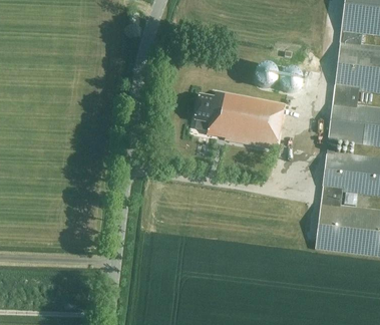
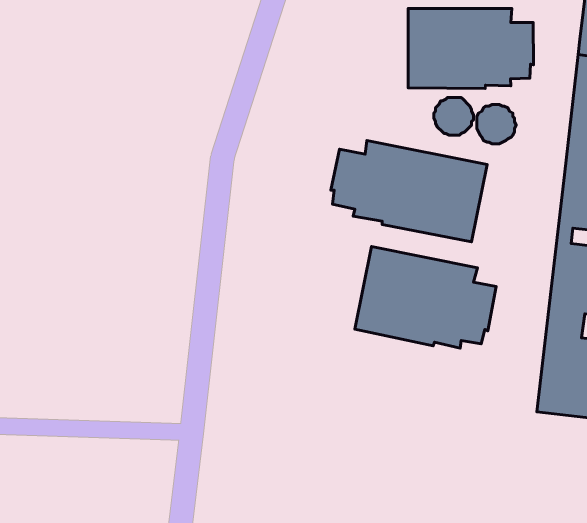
building: none -> [408,8,533,89]
building: none -> [355,247,496,348]

